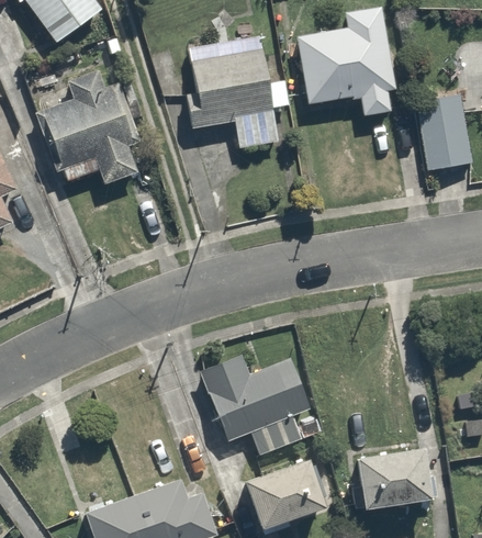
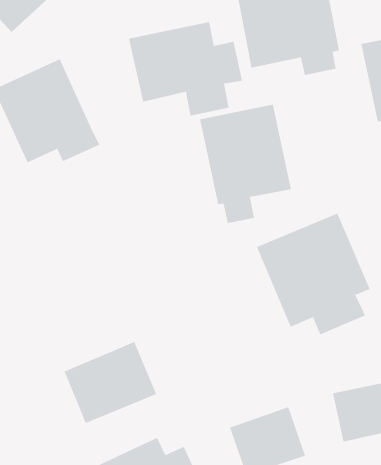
building: none -> [199,104,291,224]
building: [202,336,315,460] -> [256,213,370,335]
building: none -> [64,341,157,424]

